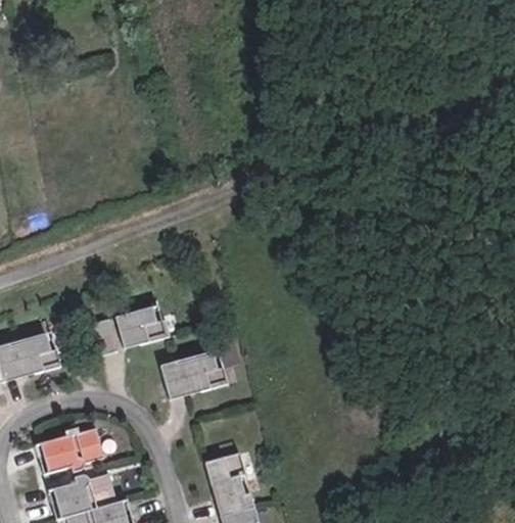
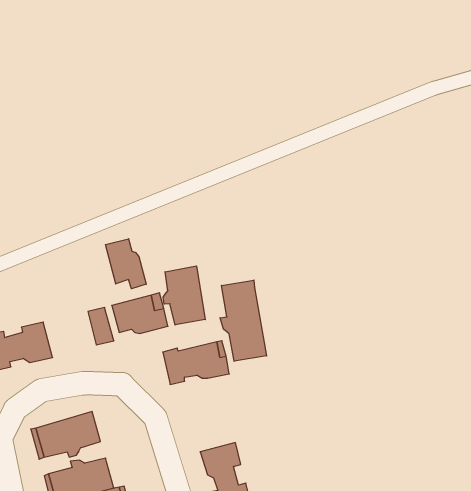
building: none -> [105,239,146,289]
building: none -> [163,266,205,325]
building: none -> [220,280,267,361]

